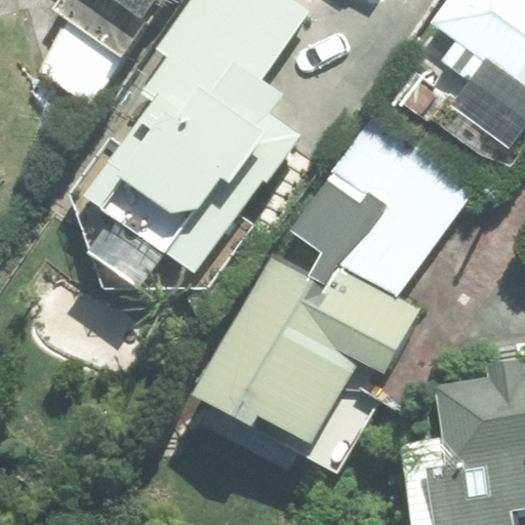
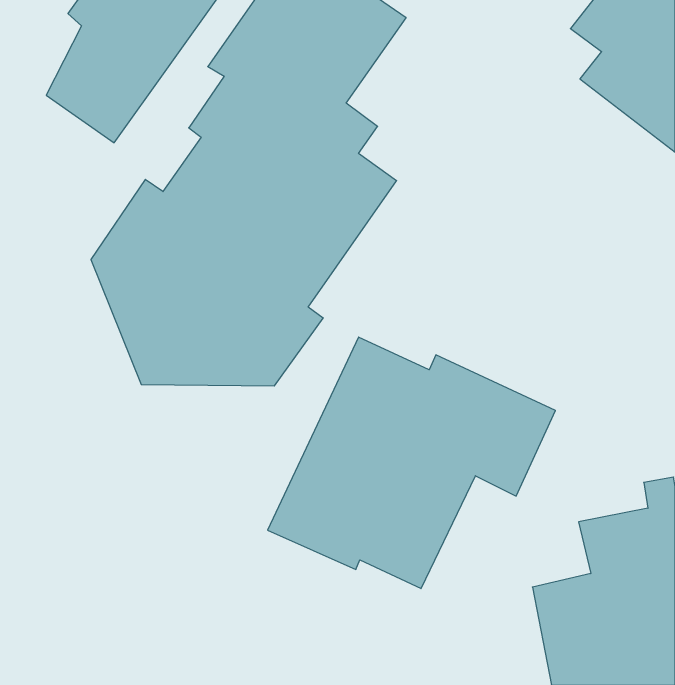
building: [326,115,469,294] -> none

